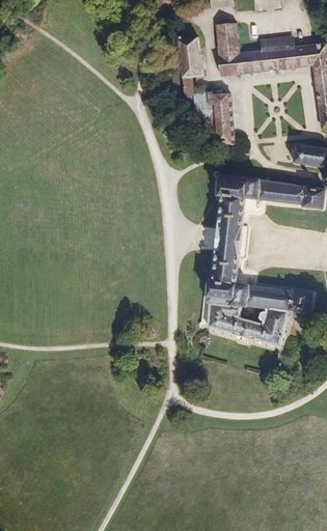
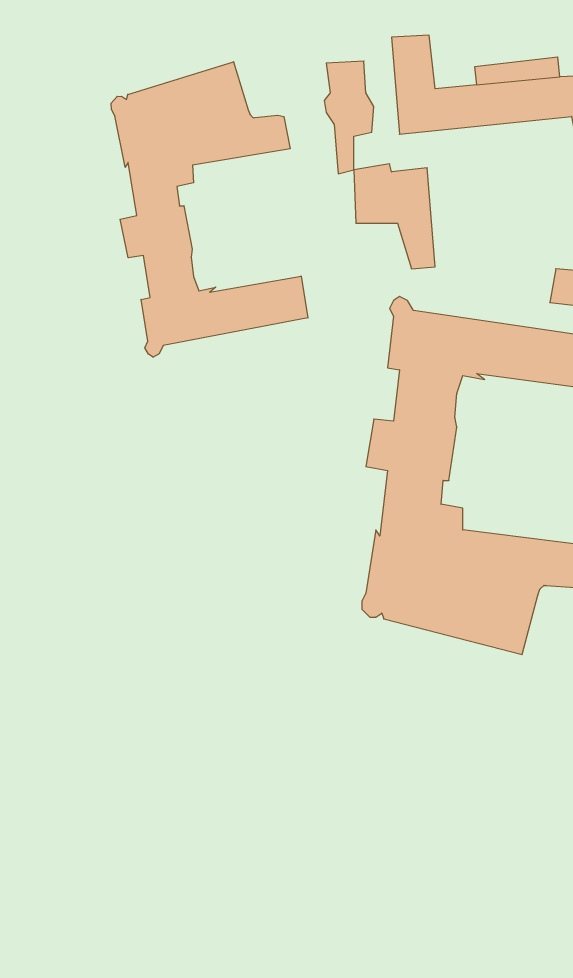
building: none -> [111,62,308,357]

